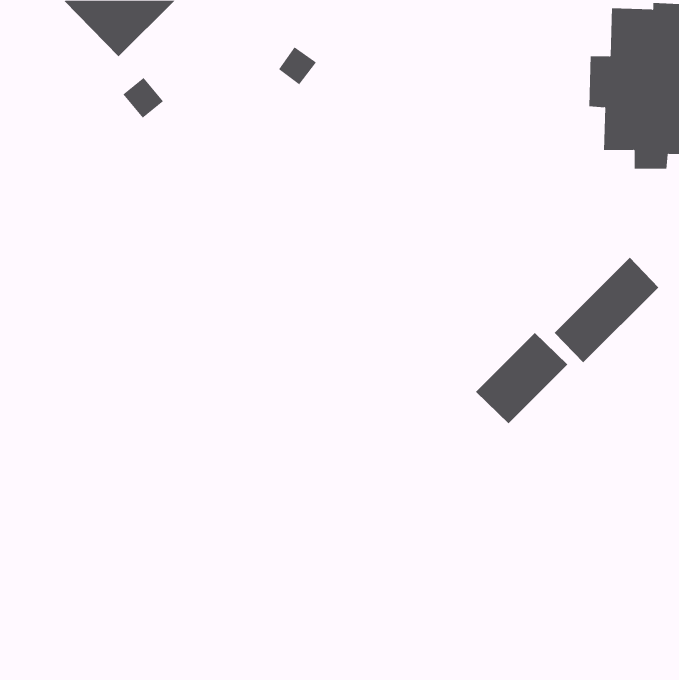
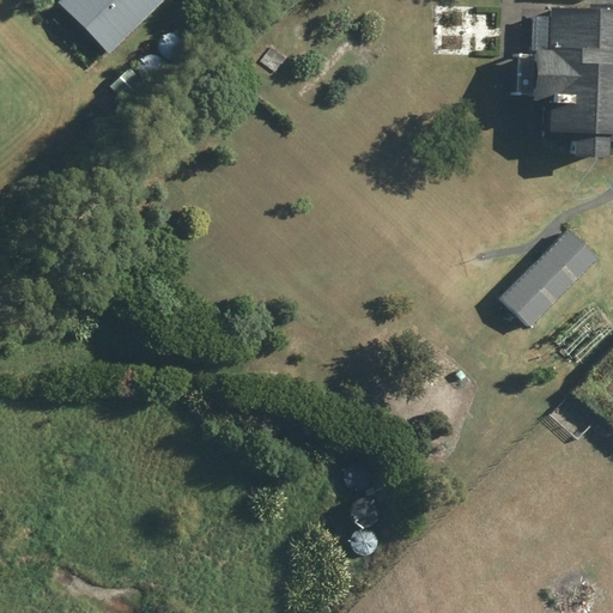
building: [475,332,568,424] -> none

